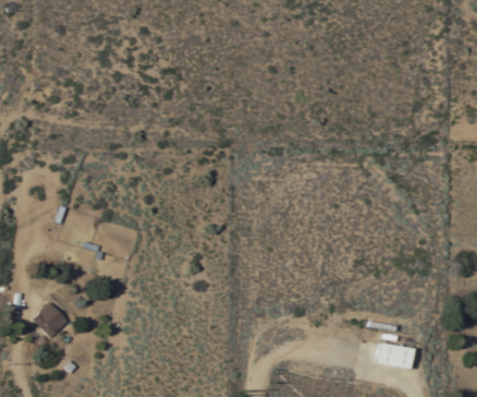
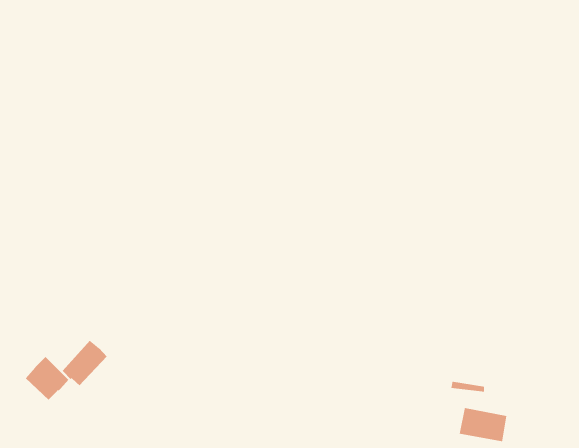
building: none -> [62,340,107,386]

